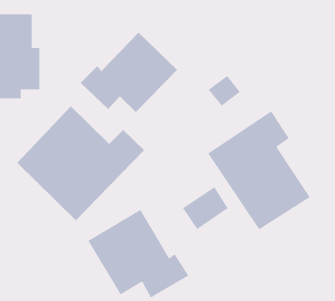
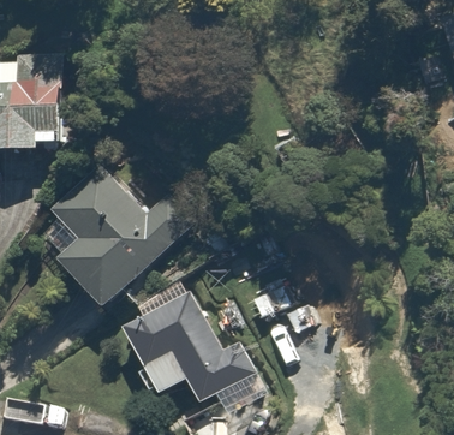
building: [80,32,178,113] -> none
building: [207,111,311,230] -> none

